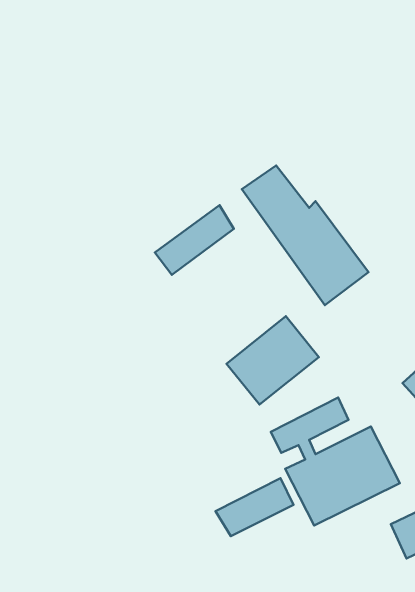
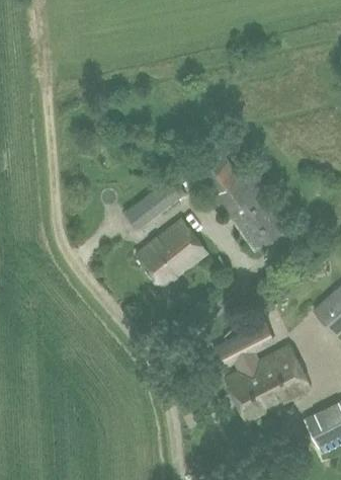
building: [227,316,319,405] -> [137,219,207,287]
building: [216,478,293,536] -> none

